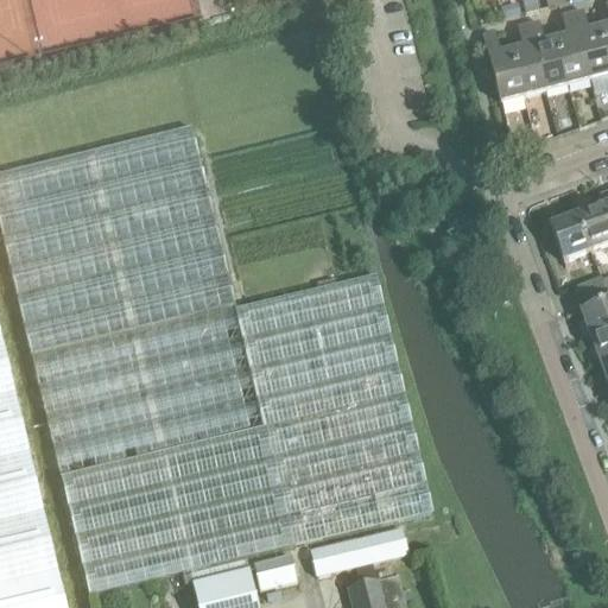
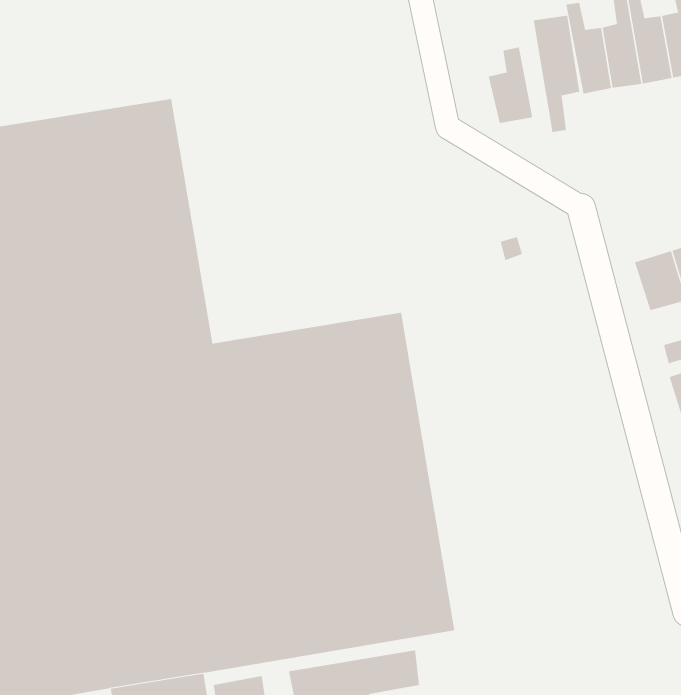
building: none -> [533,15,580,133]
building: none -> [488,46,533,124]

